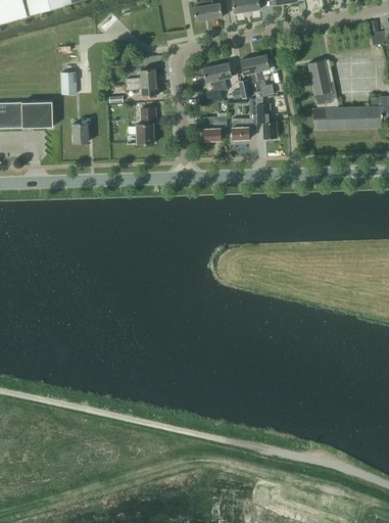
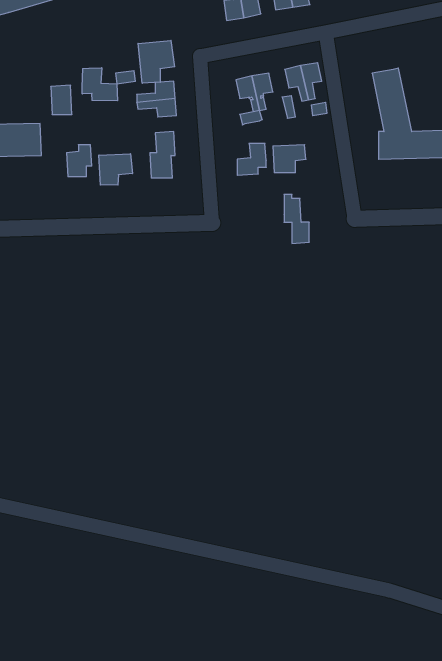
building: none -> [138,40,175,83]
building: none -> [82,68,118,101]
building: [256,100,276,138] -> [284,194,309,243]
building: none -> [99,154,132,185]

